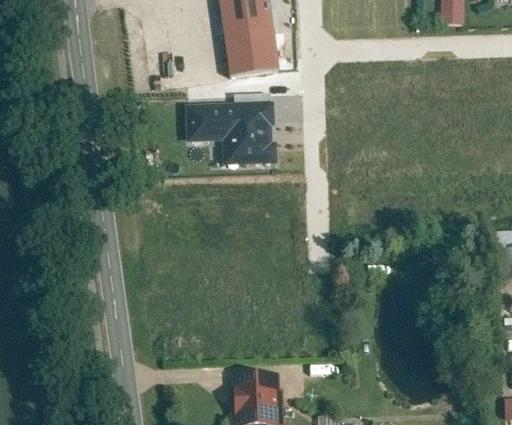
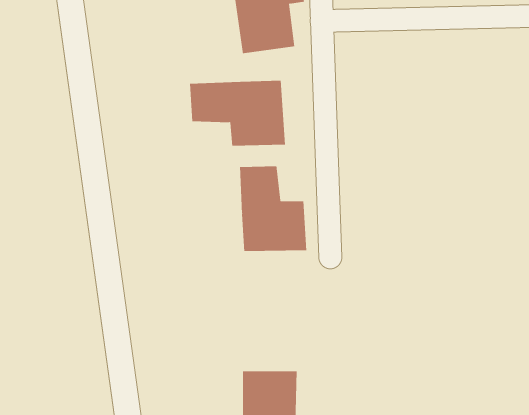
building: none -> [240,165,307,252]

